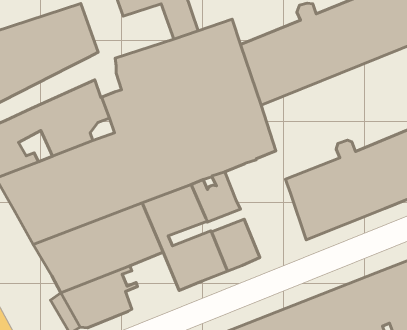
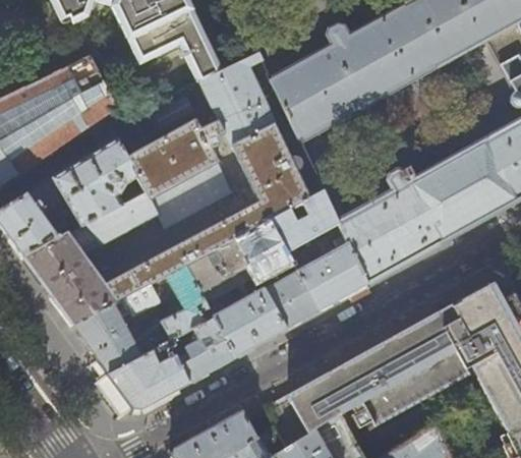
building: none -> [271,190,340,249]
building: none -> [298,234,368,308]
building: none -> [179,316,237,382]

